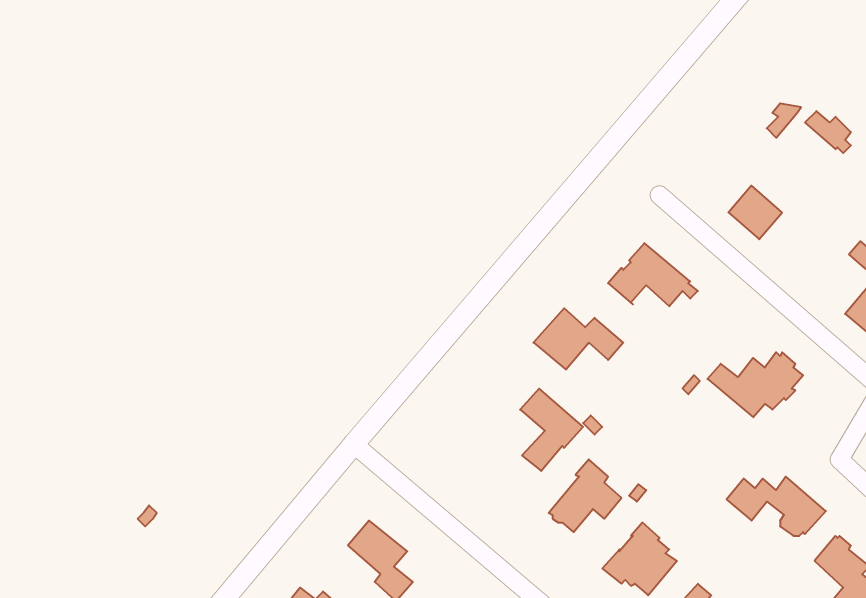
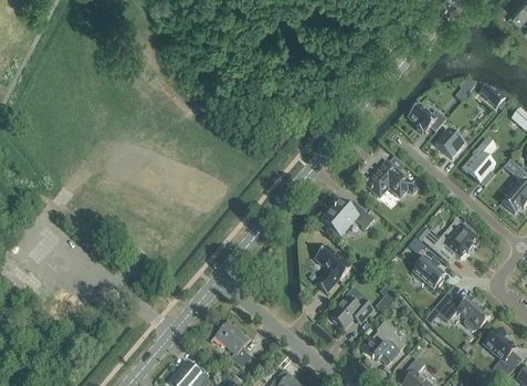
building: none -> [407,102,446,131]
building: none -> [462,140,494,178]
building: none -> [413,255,445,286]

